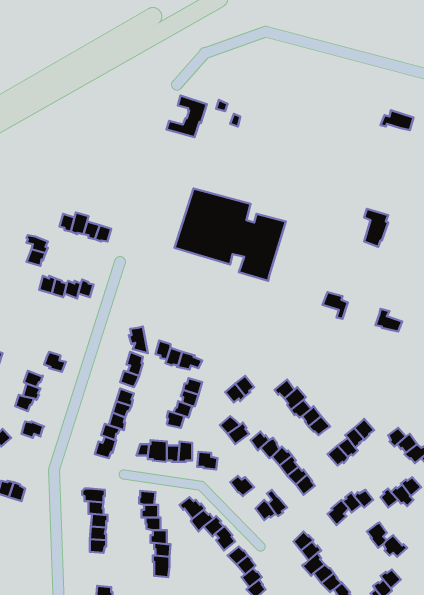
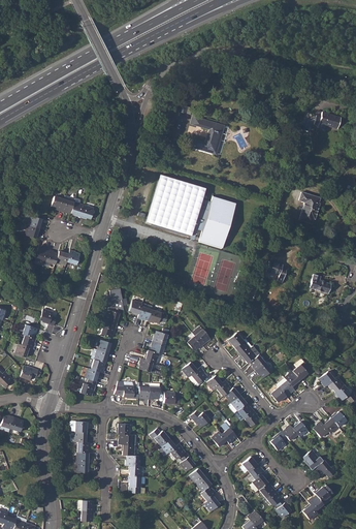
building: [167,95,207,137] -> [192,119,225,153]

